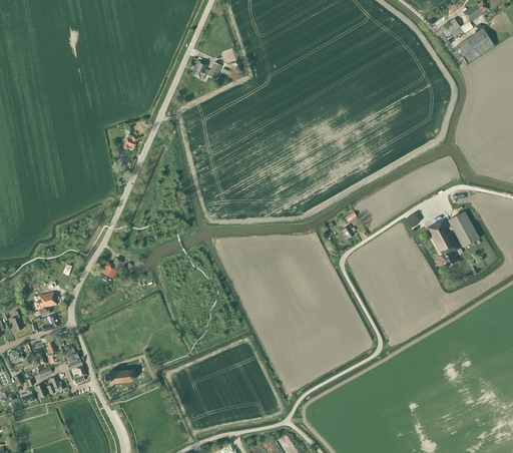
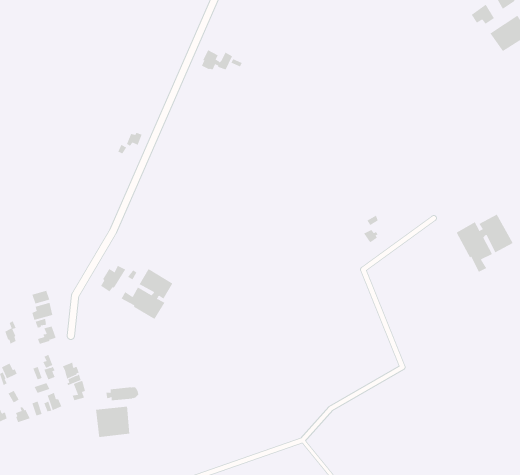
building: none -> [121,268,173,320]
building: none -> [95,406,130,438]

